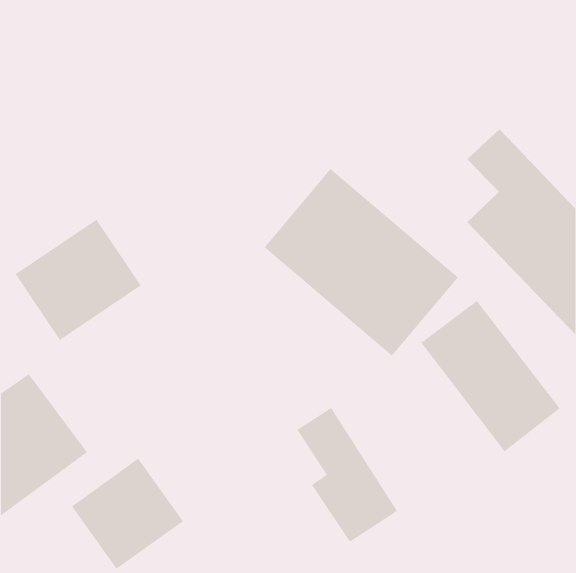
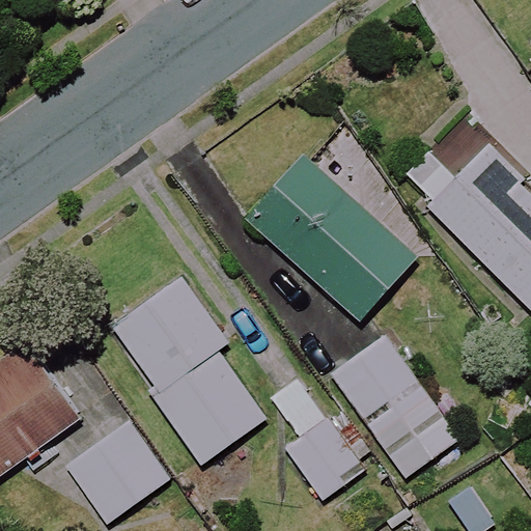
building: [15,219,142,341] -> none
building: [421,300,560,452] -> [332,336,460,476]
building: none -> [110,277,268,464]

